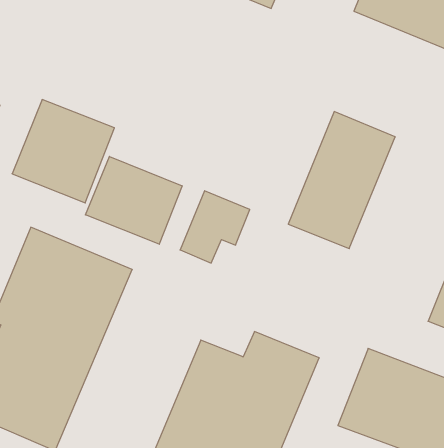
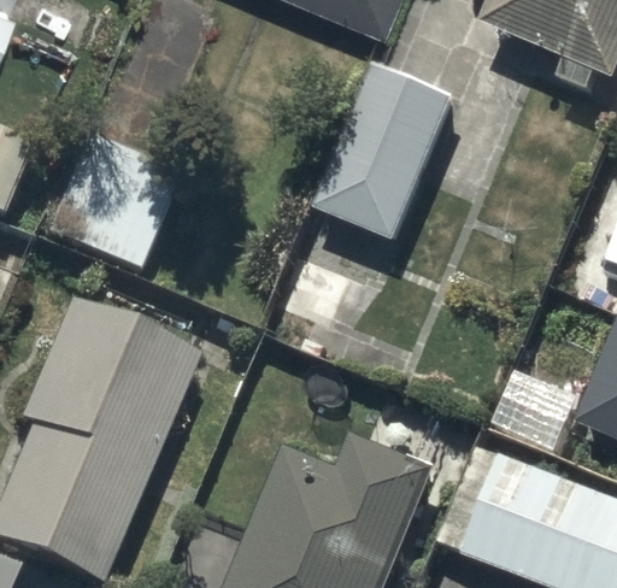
building: [288,112,395,249] -> [318,63,456,239]
building: [85,156,182,244] -> none

